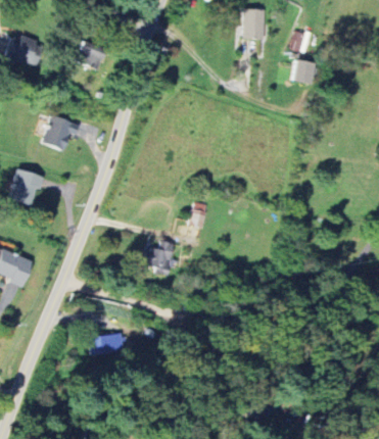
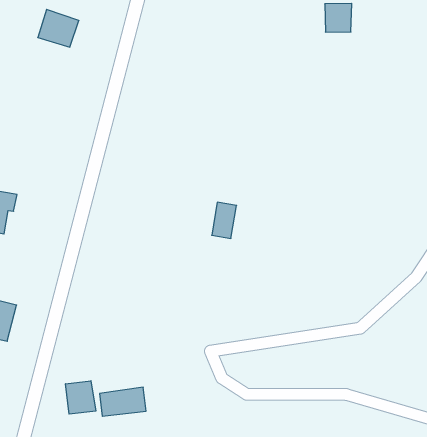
building: [40,114,79,150] -> none
building: [142,241,175,276] -> none
building: none -> [66,381,96,414]

